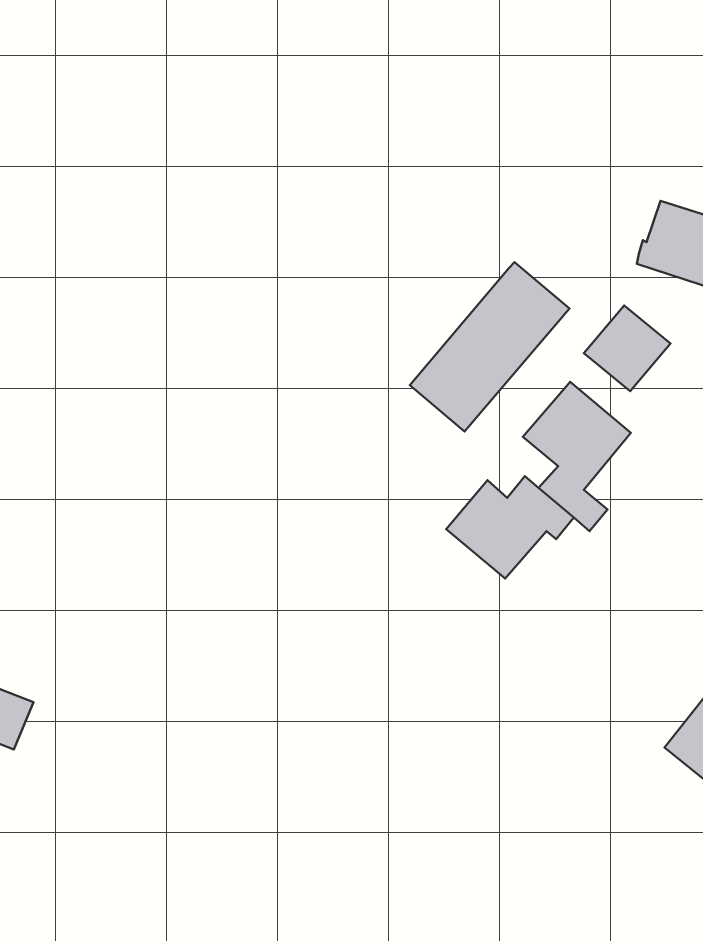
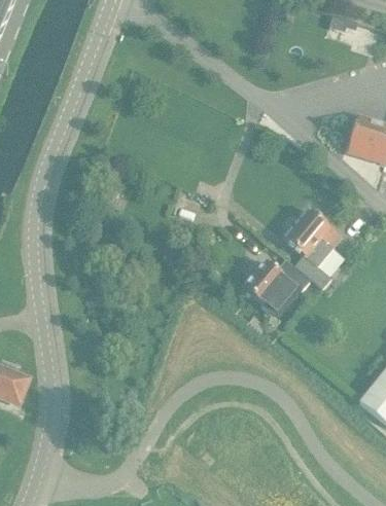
building: [410,262,569,432] -> none
building: [584,306,671,391] -> none

